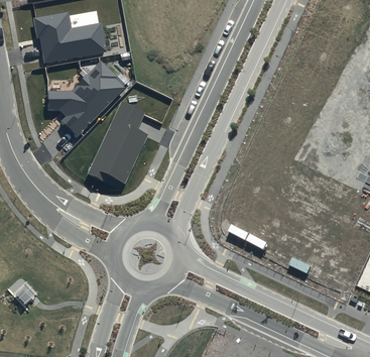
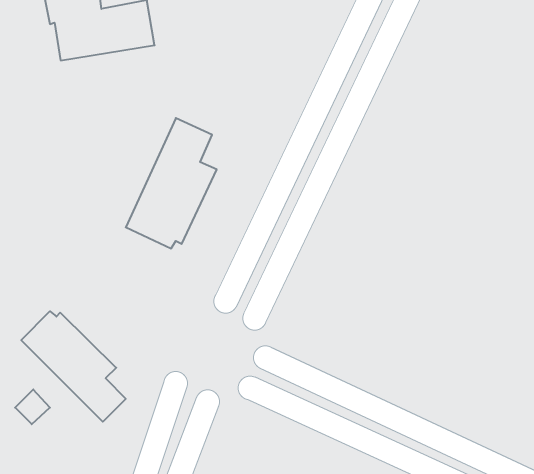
building: [47,60,124,135] -> none
building: none -> [21,311,126,422]

